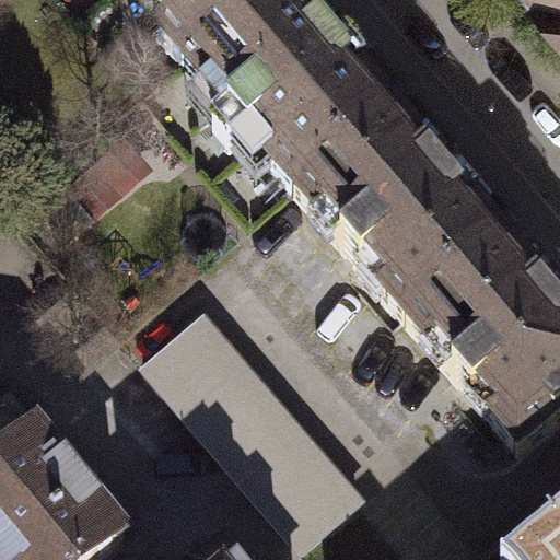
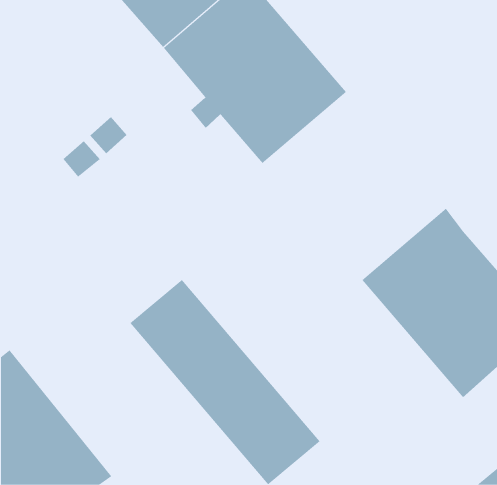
building: [295,103,502,314] -> none

